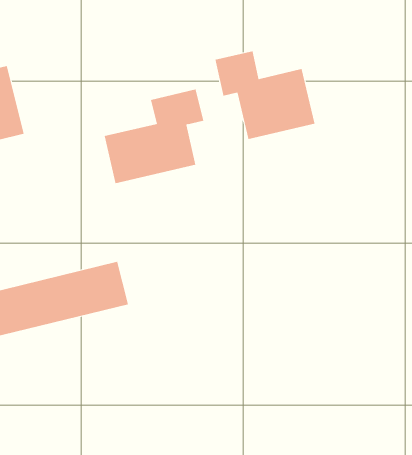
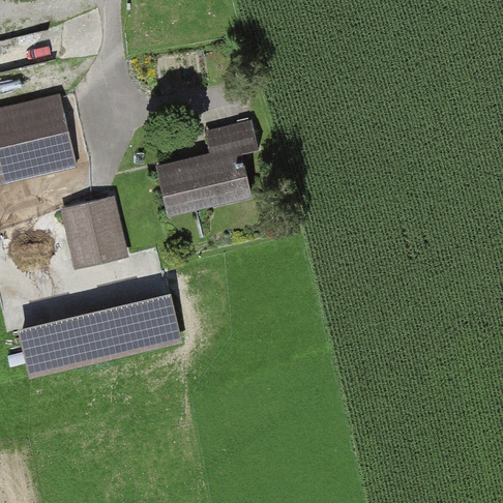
building: [215,50,315,140] -> none
building: none -> [60,194,128,268]

